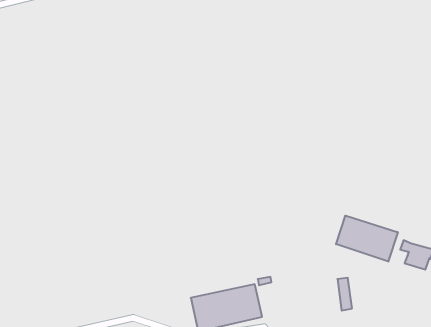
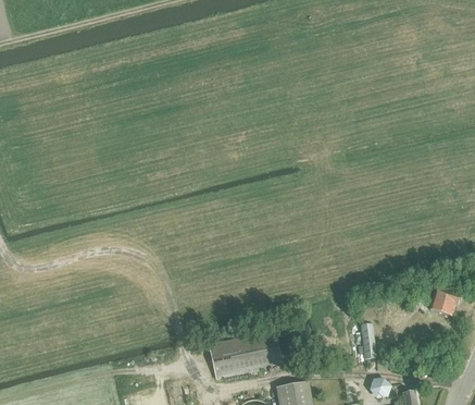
building: [336,216,398,262] -> none

